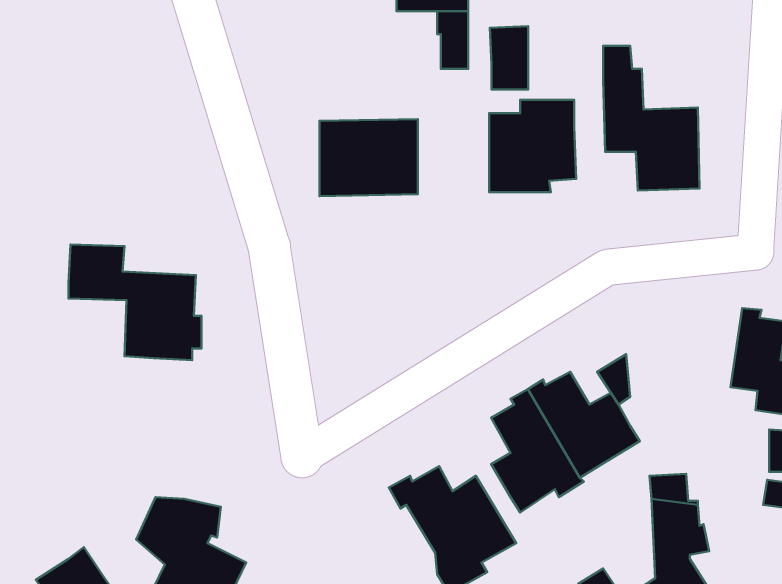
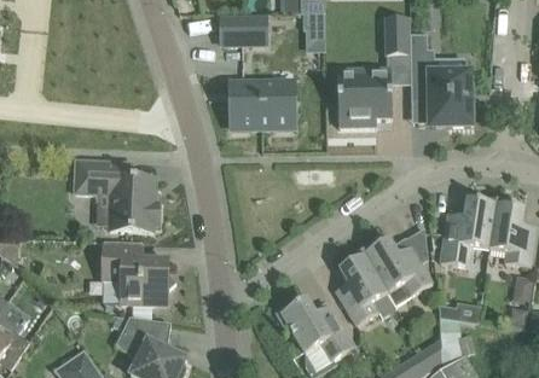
building: none -> [220,17,265,43]
building: [490,26,528,90] -> [384,16,408,56]
building: none -> [439,197,495,264]
building: none -> [99,240,175,303]

